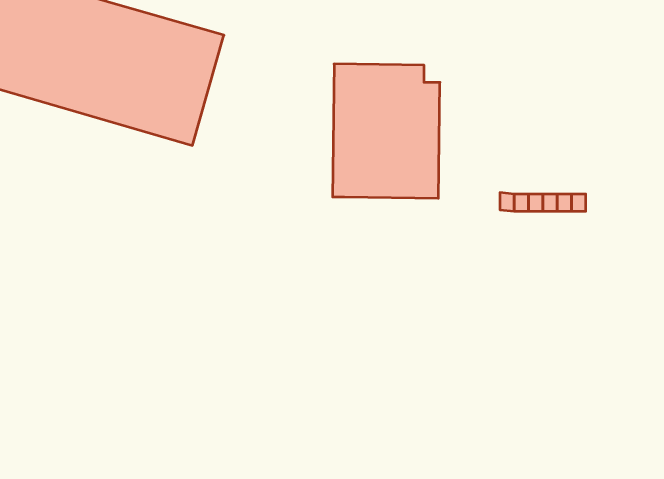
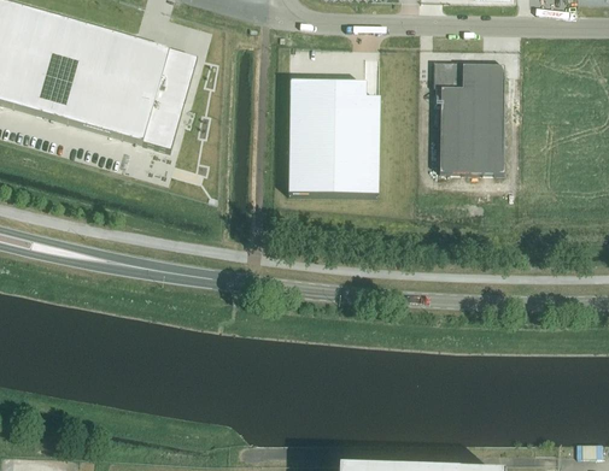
building: none -> [433,58,506,171]

